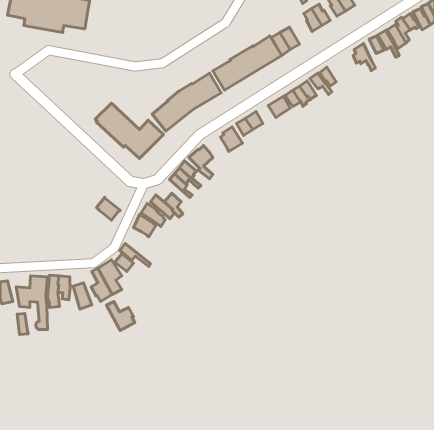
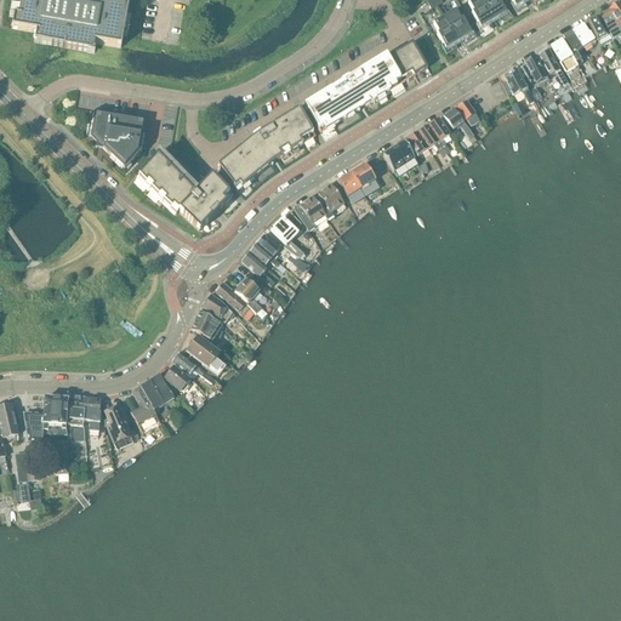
building: none -> [92,107,146,164]
building: none -> [296,193,327,228]
building: [96,197,120,220] -> [187,331,221,364]
building: [106,301,135,330] -> none

